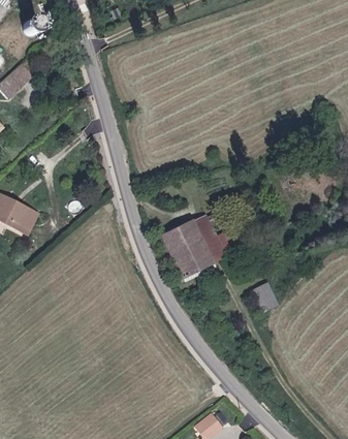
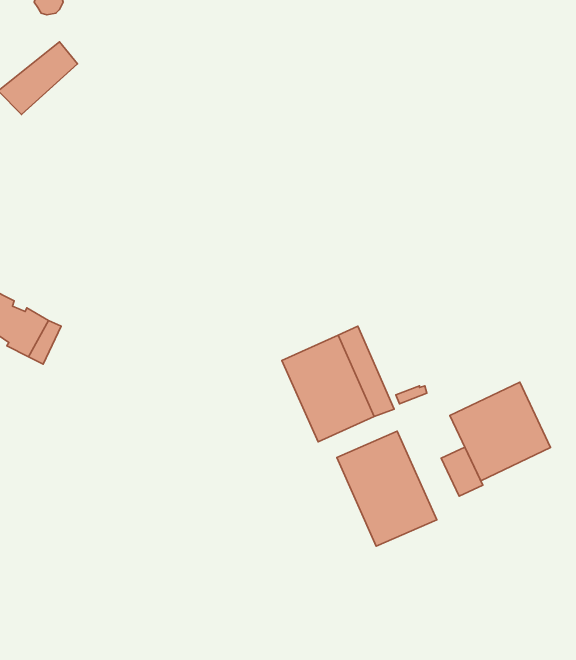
building: none -> [450,382,551,481]
building: none -> [337,431,437,546]

